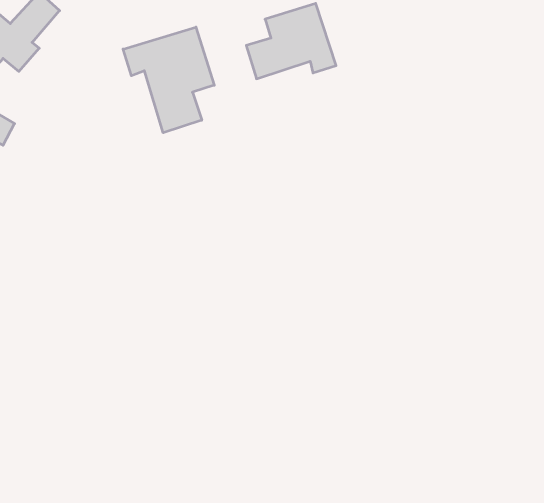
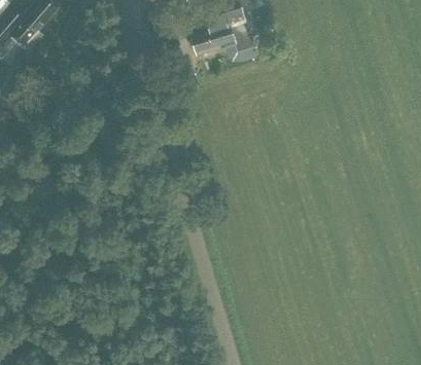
building: [123,27,214,133] -> none

